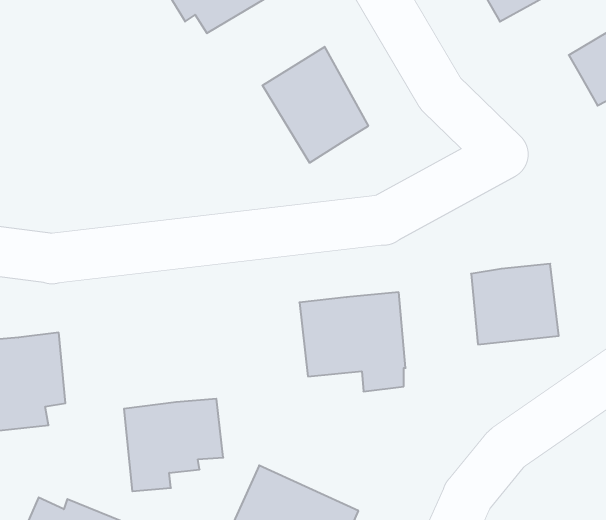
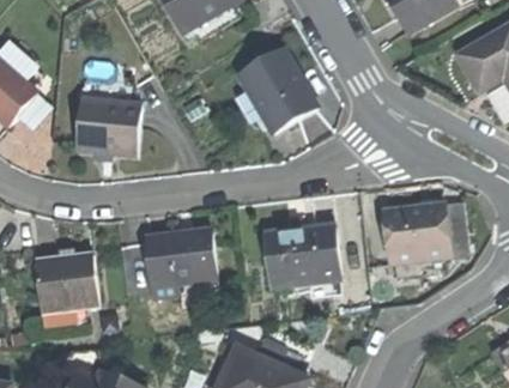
building: none -> [77,79,140,154]
building: [124,399,223,491] -> [145,228,216,293]

